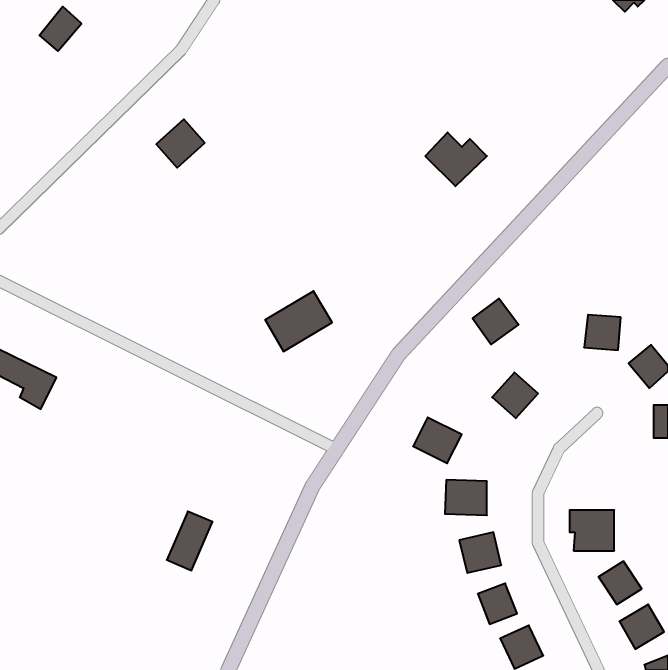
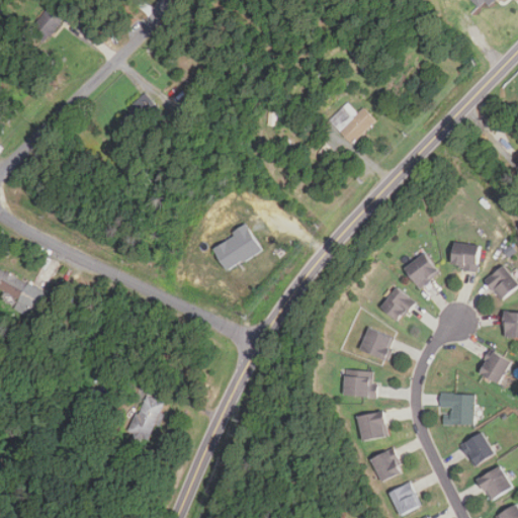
building: [473,299,519,344] -> [404,253,439,288]
building: [413,417,462,463] -> [358,327,396,362]
building: none -> [479,351,511,384]

